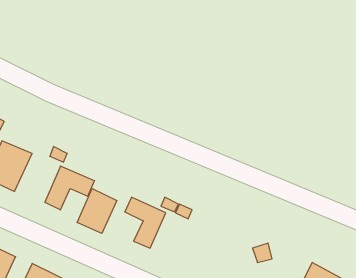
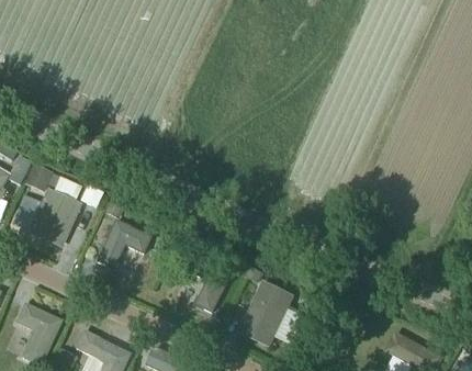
building: [77,189,117,233] -> none
building: none -> [241,279,294,336]

